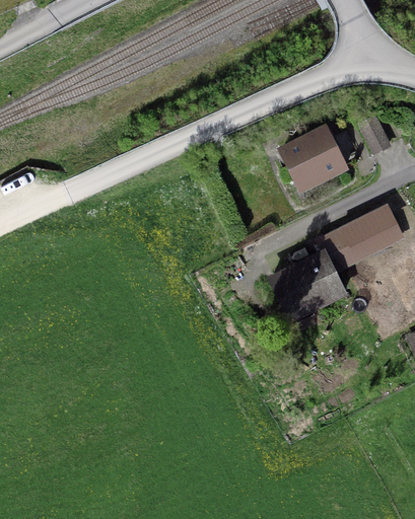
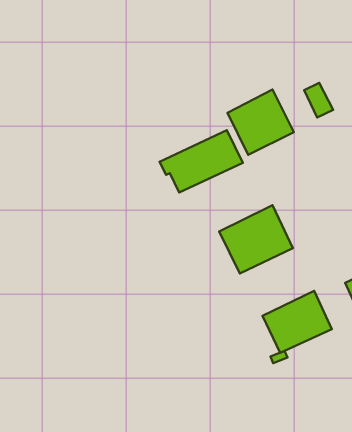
building: [315,203,405,271] -> [160,130,243,193]
building: none -> [262,291,332,353]

